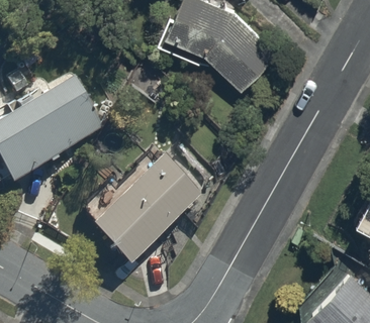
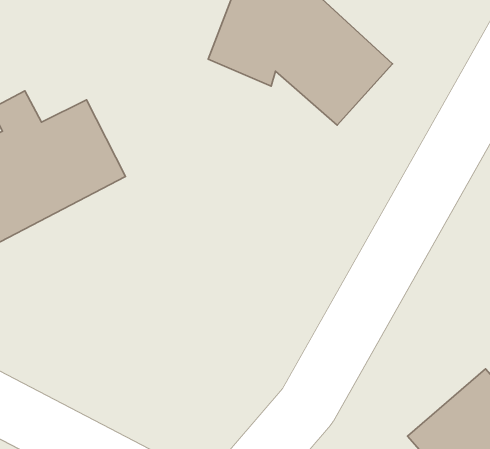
building: [79,153,200,258] -> none

